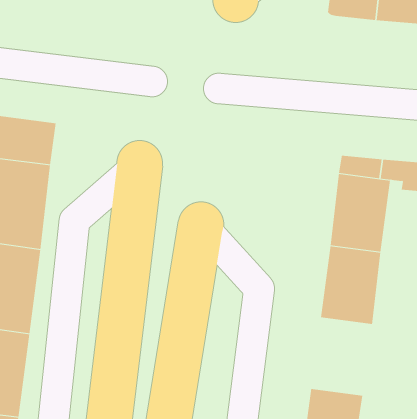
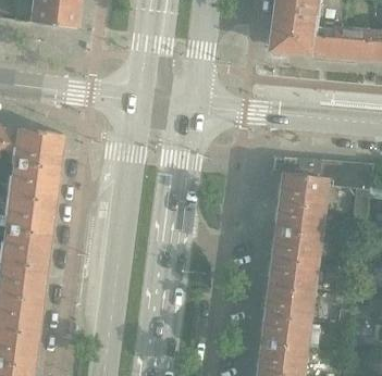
building: none -> [261,287,310,348]

